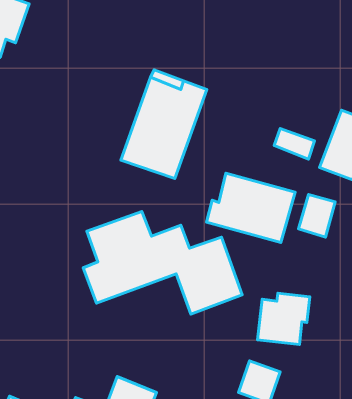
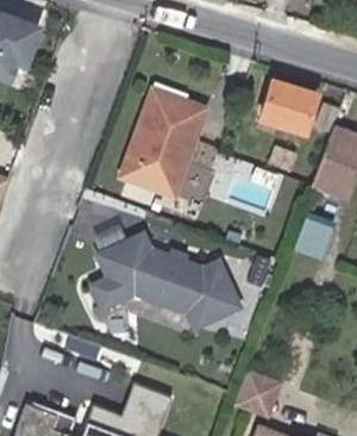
building: none -> [265,83,322,137]
building: [206,173,295,242] -> none
building: [257,293,310,344] -> none

